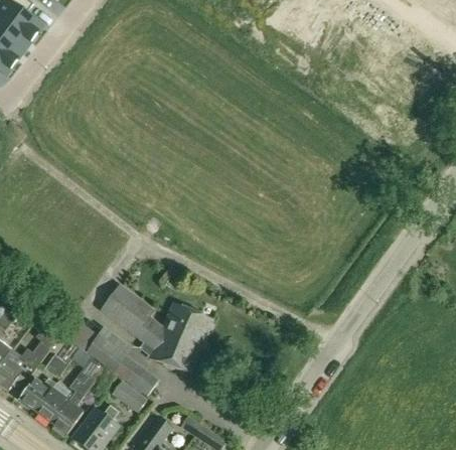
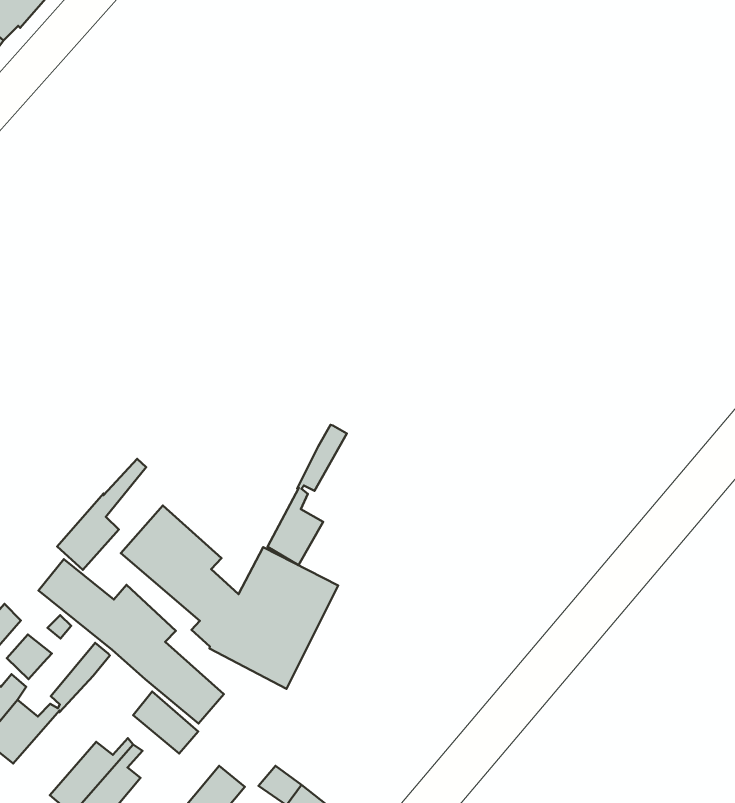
building: none -> [267,425,347,565]
building: [52,374,96,434] -> [57,459,146,570]

